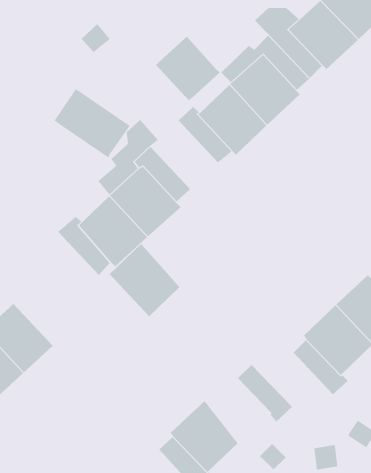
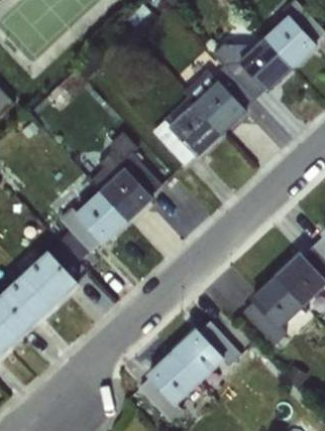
building: [155,36,220,101] -> none
building: [54,88,130,158] -> none
building: [109,243,180,317] -> [24,249,80,306]
building: none -> [174,327,225,382]

